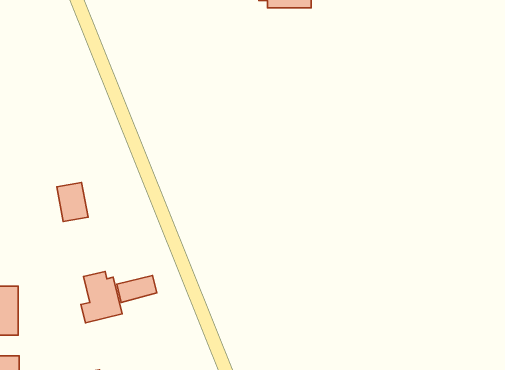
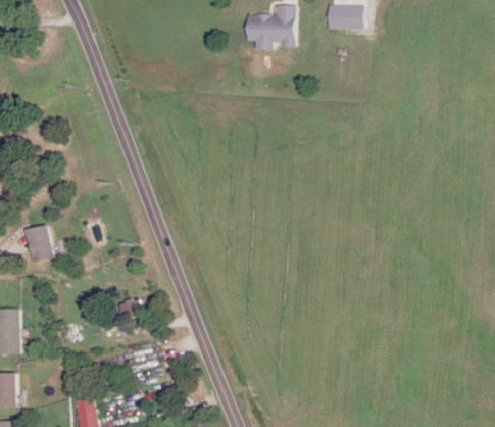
building: [57,182,88,221] -> [23,226,53,263]
building: [81,271,122,323] -> none

